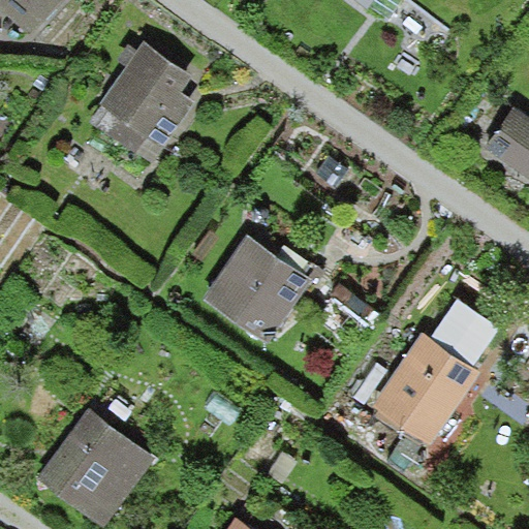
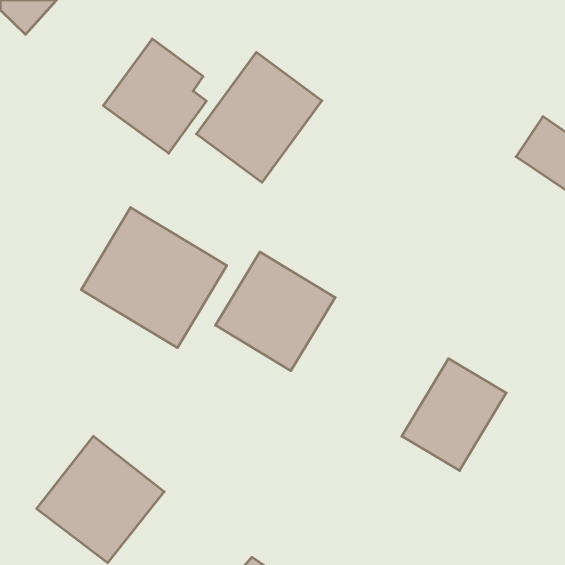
building: none -> [196,52,322,182]
building: none -> [81,207,227,348]

